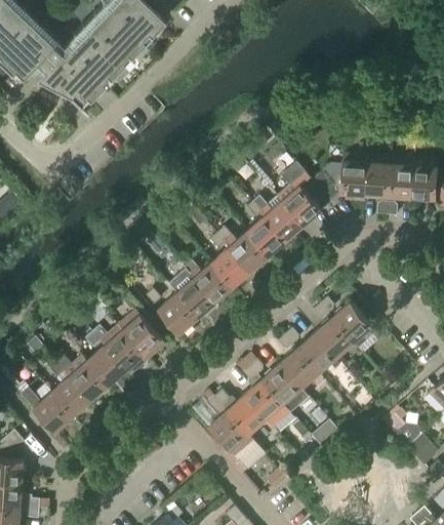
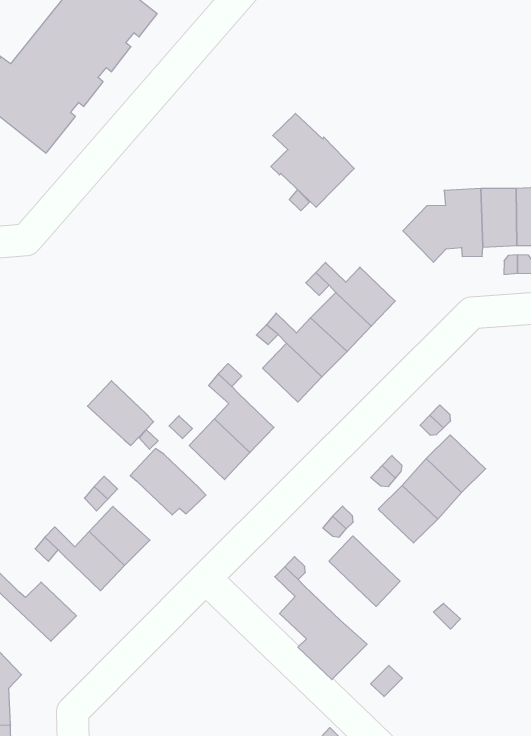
building: [276,163,331,227] -> [271,113,354,207]
building: [194,264,233,304] -> none
building: [332,302,376,348] -> none
building: [104,331,147,375] -> [87,381,154,445]
building: [261,364,309,413] -> none
building: [51,377,90,417] -> none
building: [227,396,266,436] -> none

